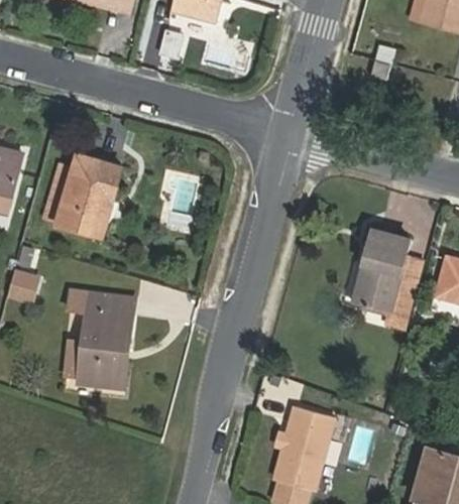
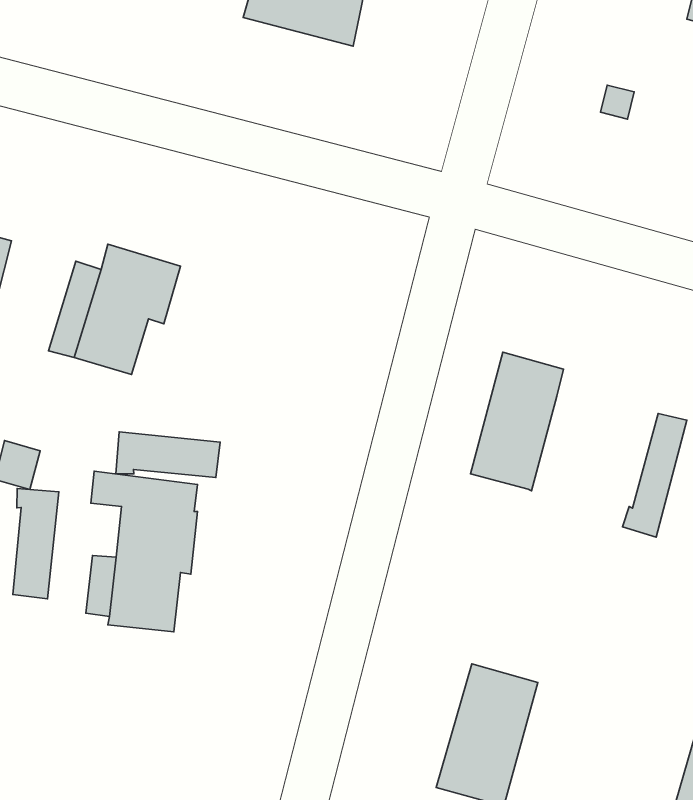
building: [354,230,410,312] -> [471,352,564,491]
building: none -> [116,432,220,477]
building: none -> [13,489,59,599]

